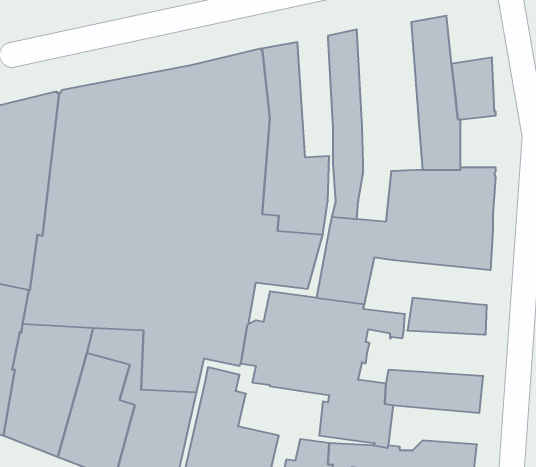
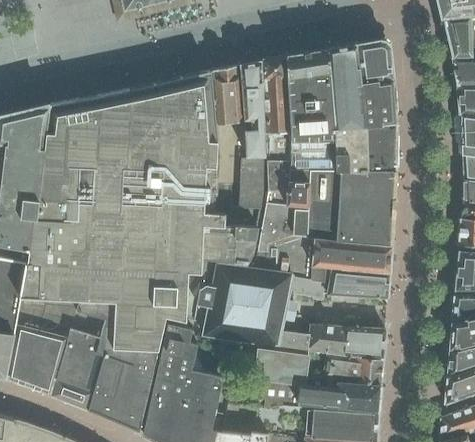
building: none -> [357,42,393,84]
building: none -> [286,51,338,209]
building: none -> [239,62,264,158]
building: none -> [368,125,396,166]
building: none -> [291,237,391,282]
building: none -> [314,354,383,390]

